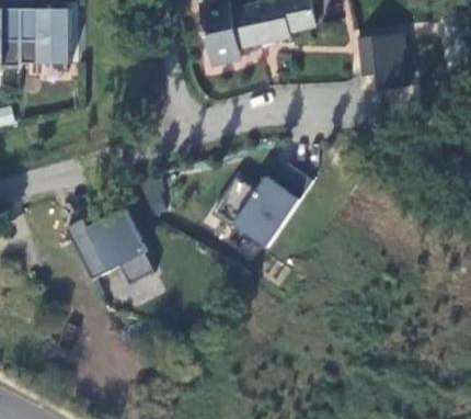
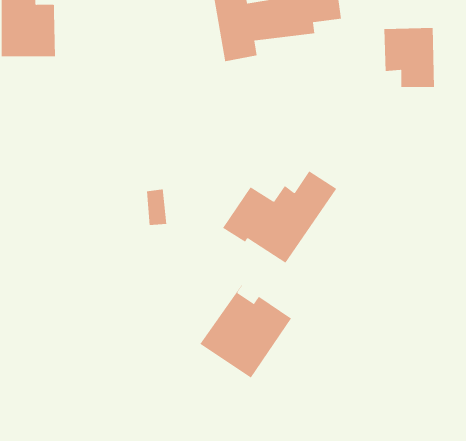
building: [65,207,157,284] -> none
building: none -> [200,284,292,379]

